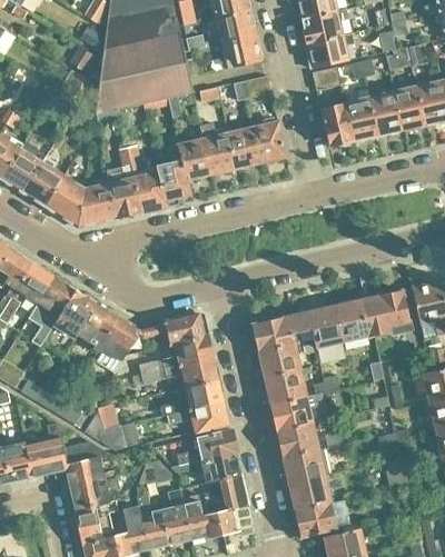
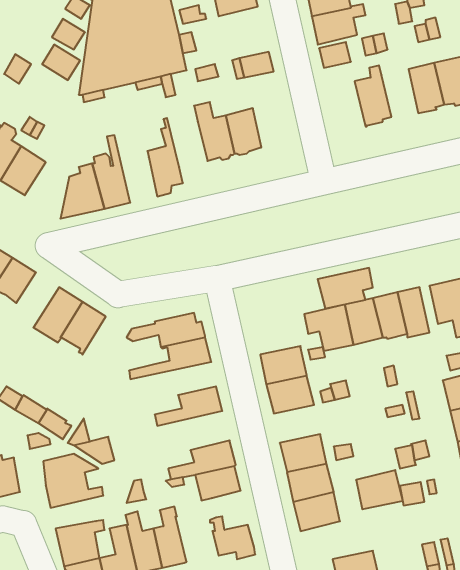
building: [220,34,261,68] -> none
building: [368,91,402,135] -> none
building: [319,102,354,147] -> none
building: [251,121,285,162] -> none
building: [174,136,210,180] -> none
building: [125,145,165,212] -> none
building: [44,176,85,227] -> none
building: [30,276,76,347] -> none
building: [251,314,301,350] -> [318,268,373,308]
building: [97,316,140,357] -> none
building: [140,357,218,387] -> none
building: [270,396,313,430] -> none
building: [165,401,228,431] -> none
building: [34,442,63,475] -> none
building: [204,474,247,509] -> none
building: [68,478,118,508] -> none
building: [181,494,220,538] -> none
building: [295,501,337,537] -> [356,470,403,509]

